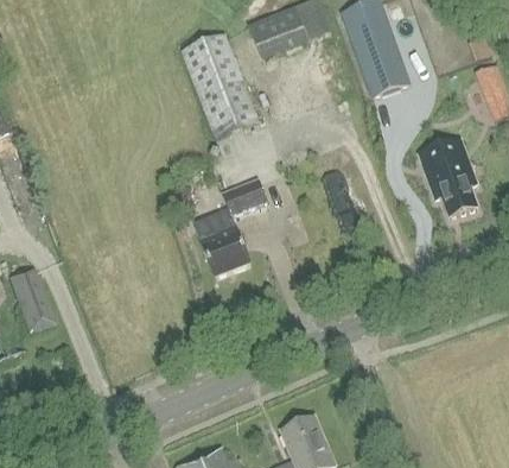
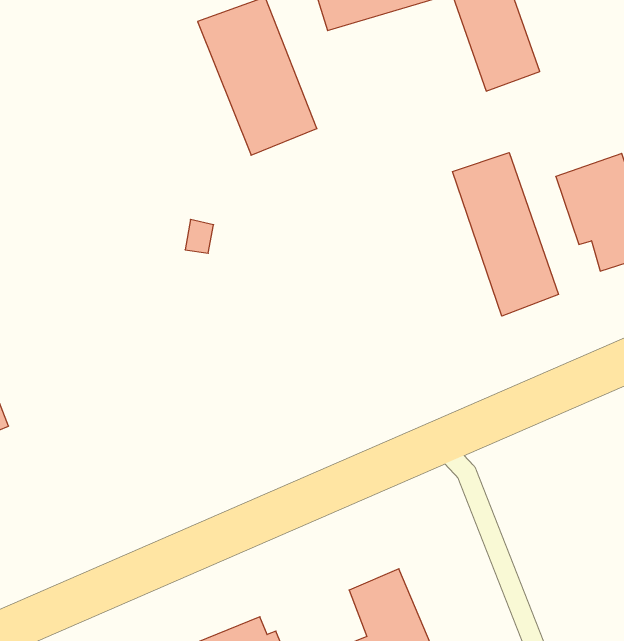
building: none -> [452,153,558,316]
building: [193,179,266,276] -> none

